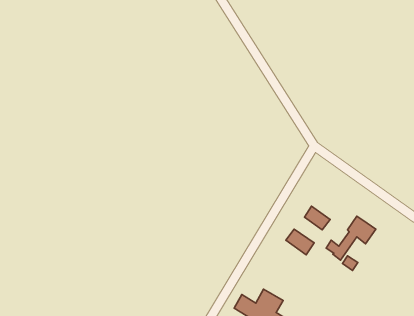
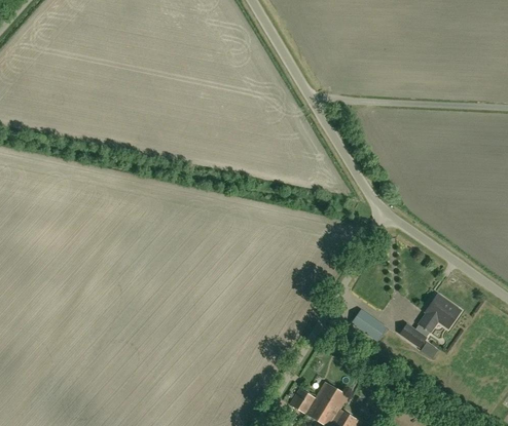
building: [304,206,330,230] -> none

